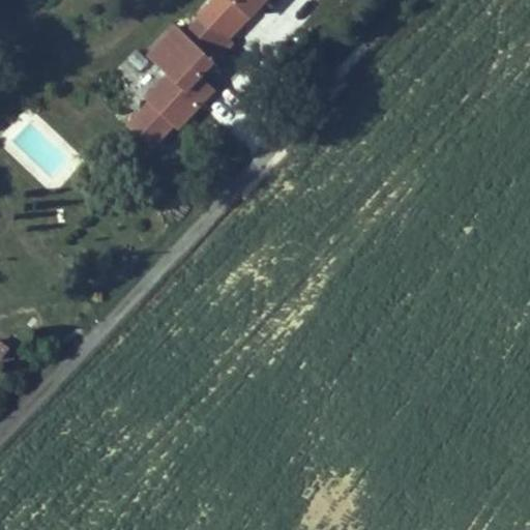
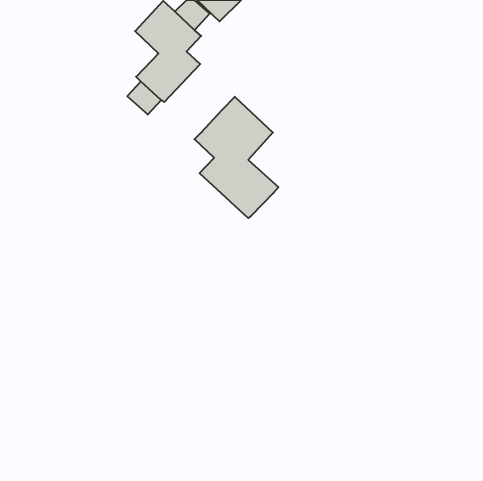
building: none -> [194,97,278,218]

